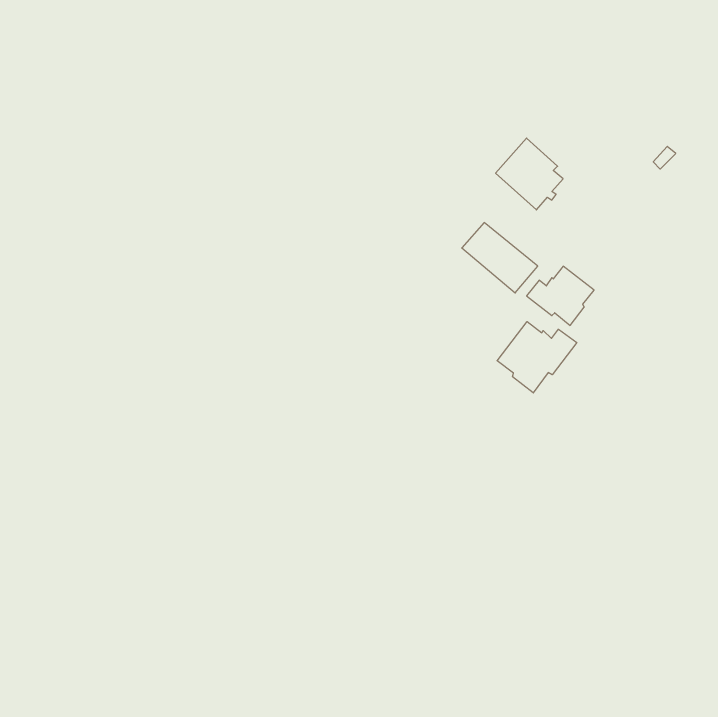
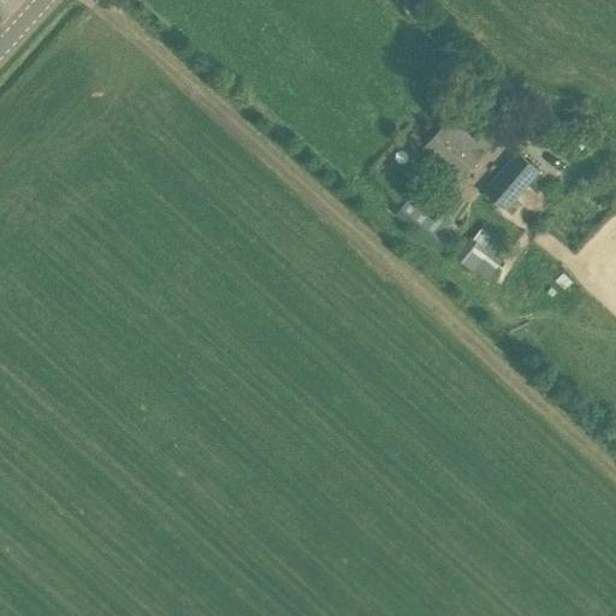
building: none -> [484,154,538,212]
building: [497,322,577,393] -> none

